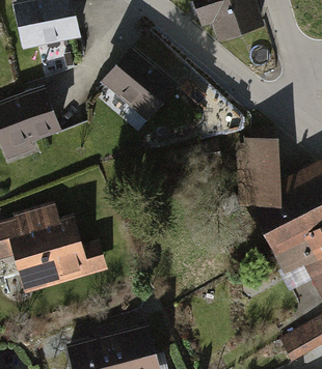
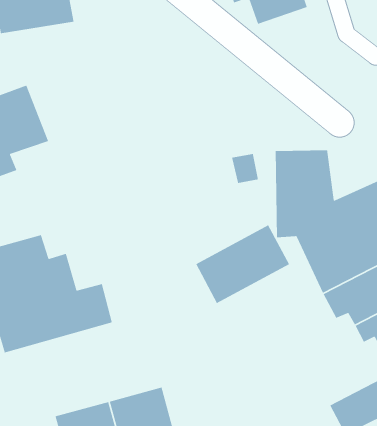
building: [100,48,177,122] -> none
building: none -> [195,224,290,304]

